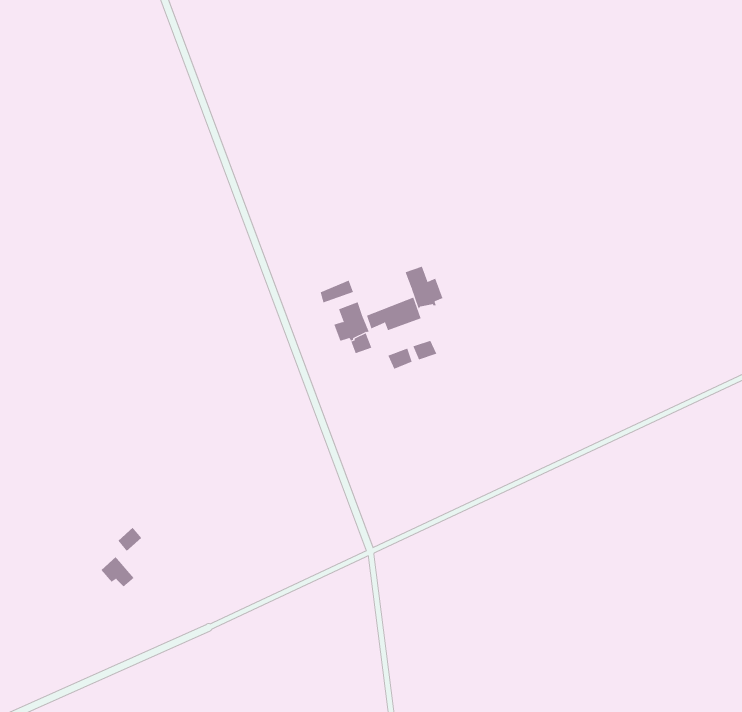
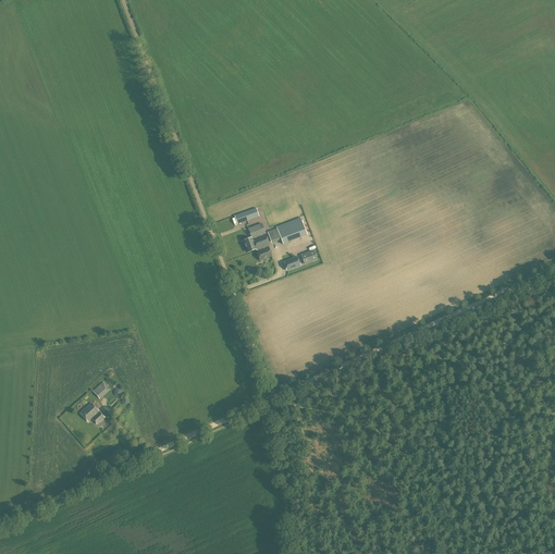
building: [405,266,443,309] -> none

